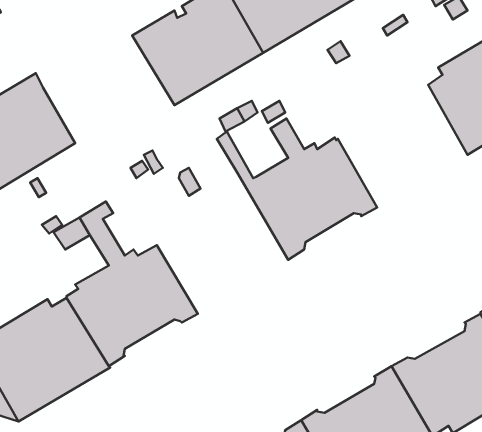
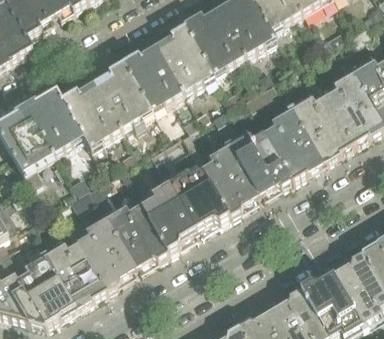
building: none -> [62,60,152,144]
building: none -> [264,89,353,179]
building: none -> [140,154,230,251]

